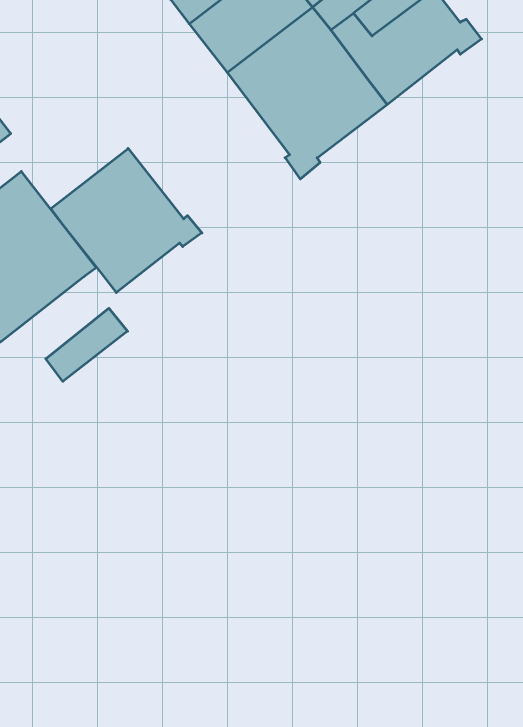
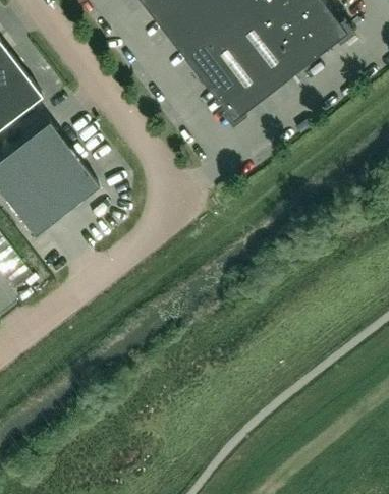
building: [51,148,202,293] -> none
building: [46,308,128,381] -> none

